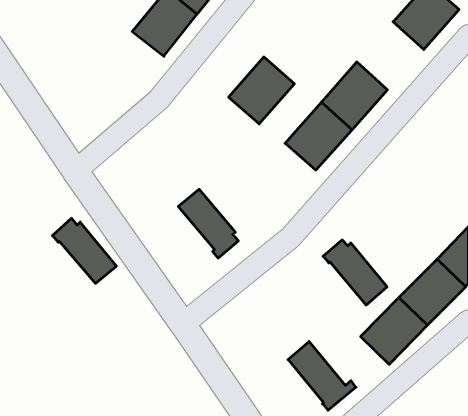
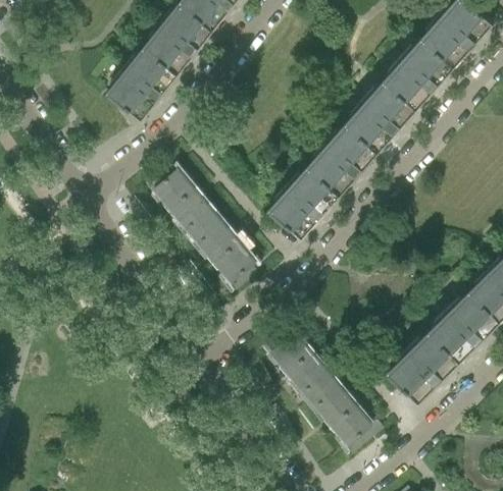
building: none -> [383,38,454,110]
building: none -> [107,48,177,119]
building: [229,57,294,124] -> [268,167,339,238]
building: [52,218,116,283] -> [146,165,214,234]
building: [323,240,387,305] -> [263,328,332,397]

